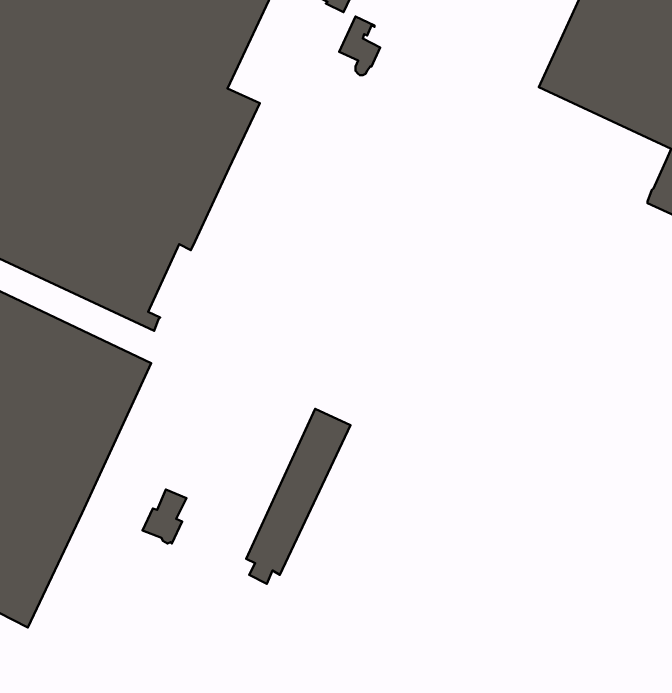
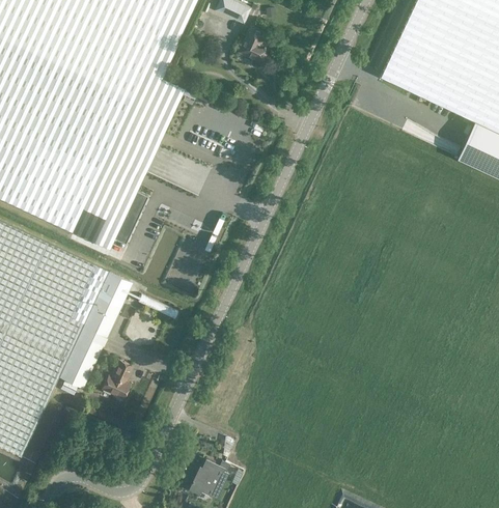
building: none -> [106,187,147,244]
building: [246,409,350,584] -> [59,271,133,394]
building: none -> [191,460,230,498]

